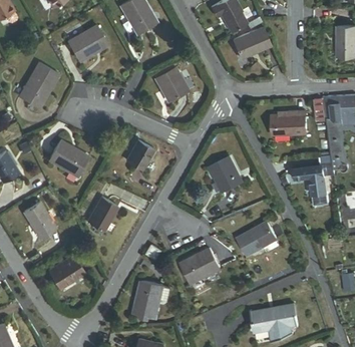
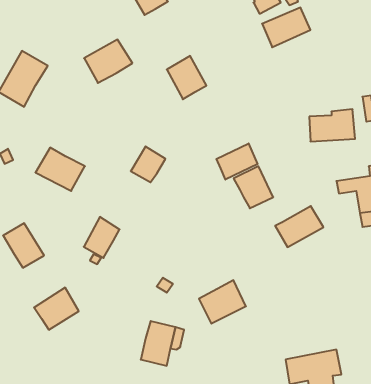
building: [68,26,107,61] -> [84,40,132,83]
building: none -> [216,143,258,180]
building: [238,223,277,256] -> [275,206,323,247]

